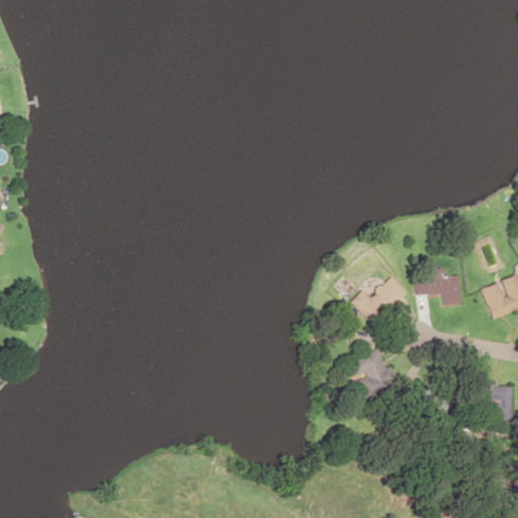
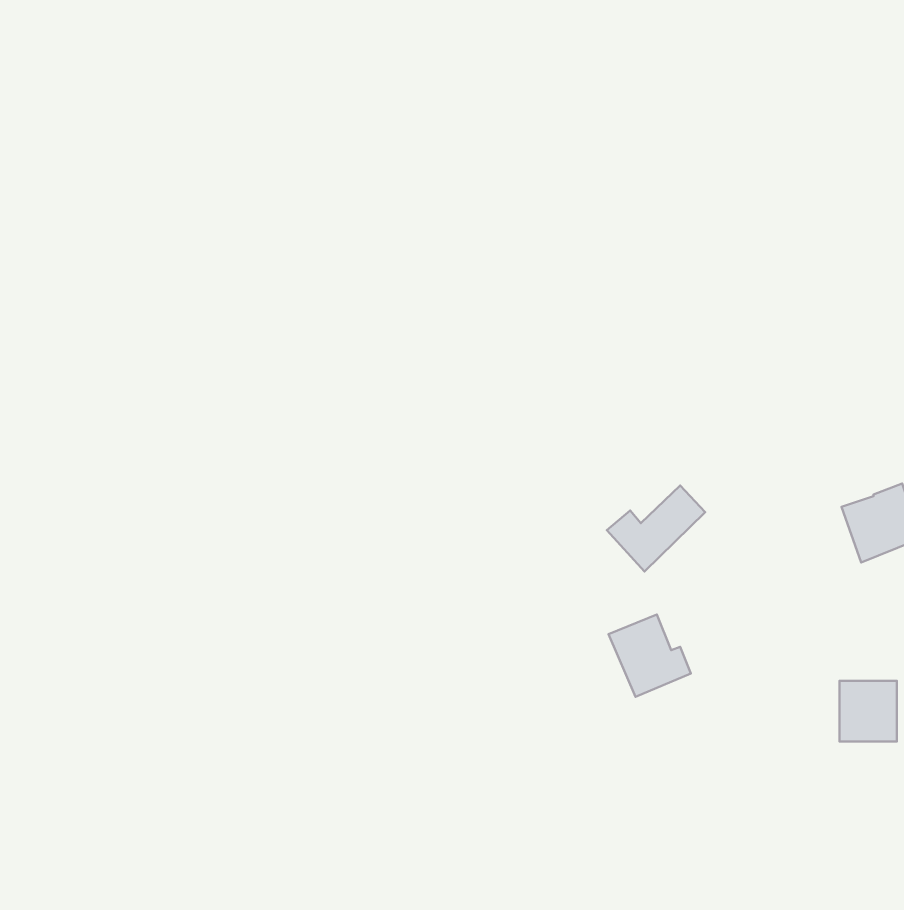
building: [415,271,461,307] -> none

